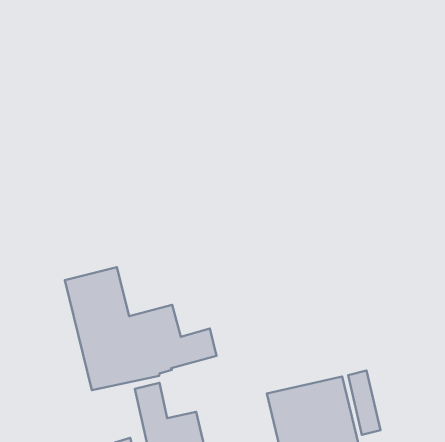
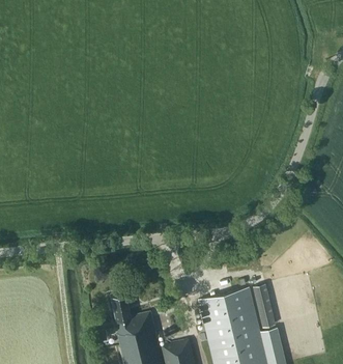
building: [65,267,216,390] -> none

